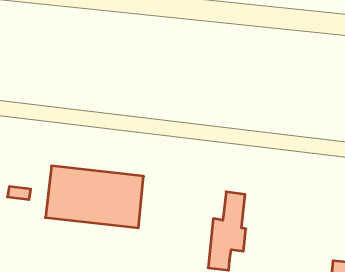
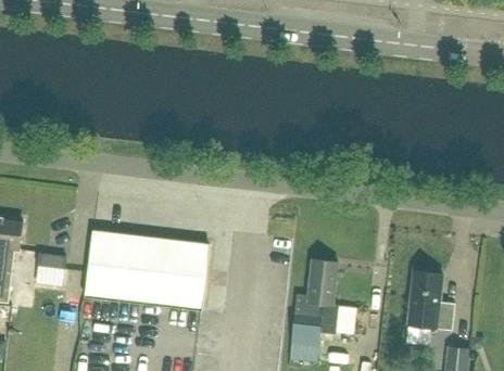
building: none -> [406,271,454,331]

